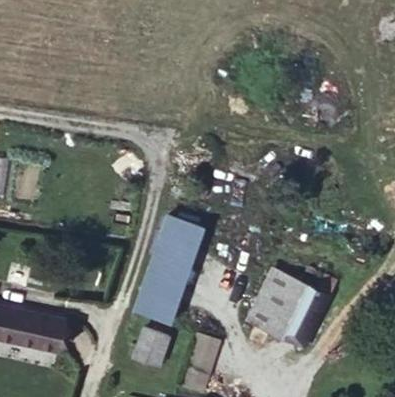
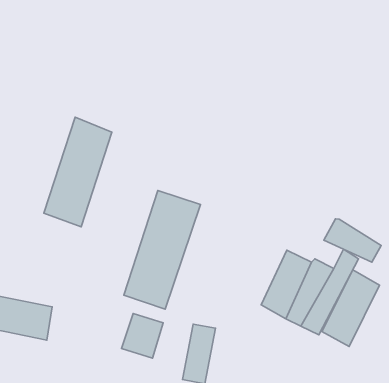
building: none -> [44,117,112,227]
building: none -> [324,219,381,262]
building: none -> [322,270,380,346]

